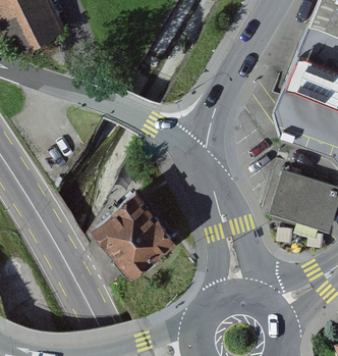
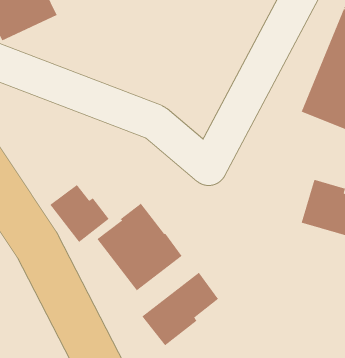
building: none -> [49,184,109,243]
building: none -> [141,272,219,346]

